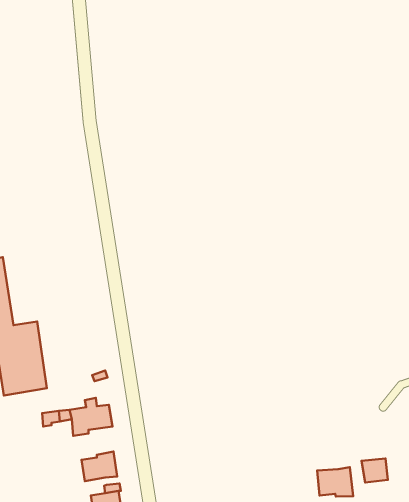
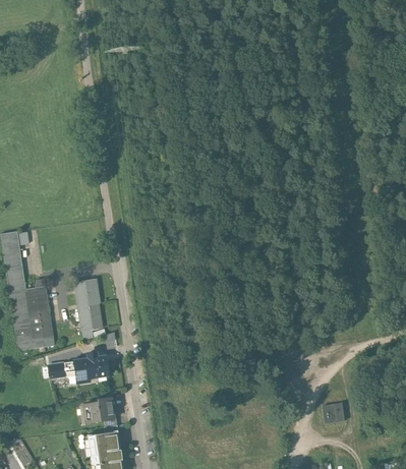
building: none -> [77,280,103,330]
building: [317,467,353,497] -> none

